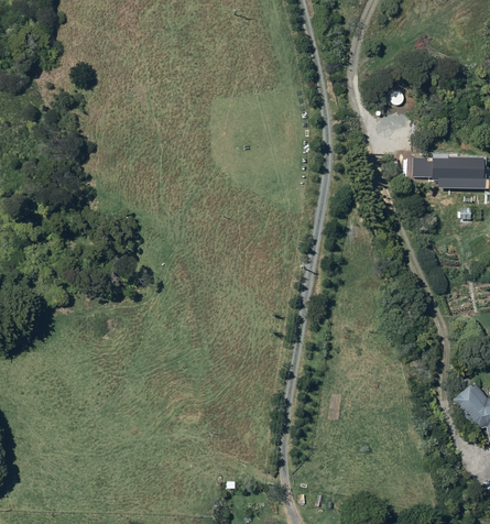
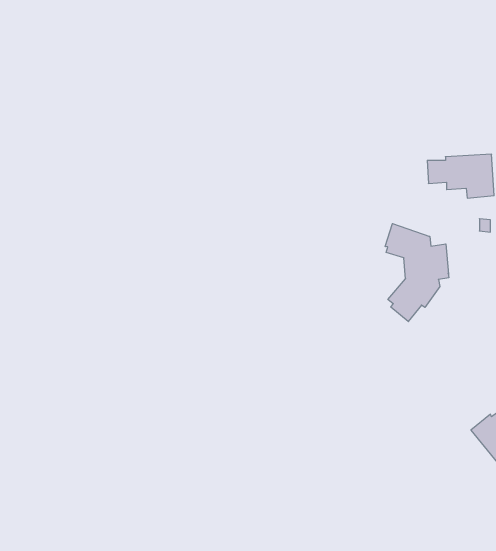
building: none -> [385,224,449,322]

